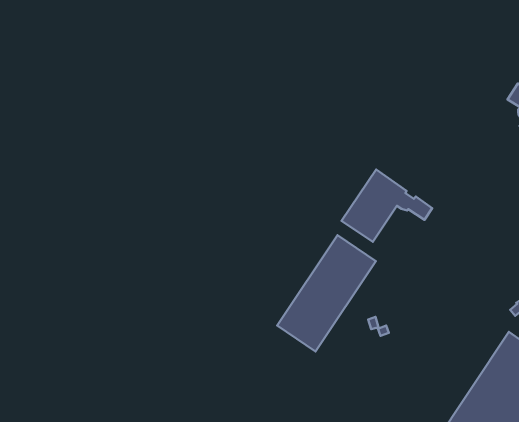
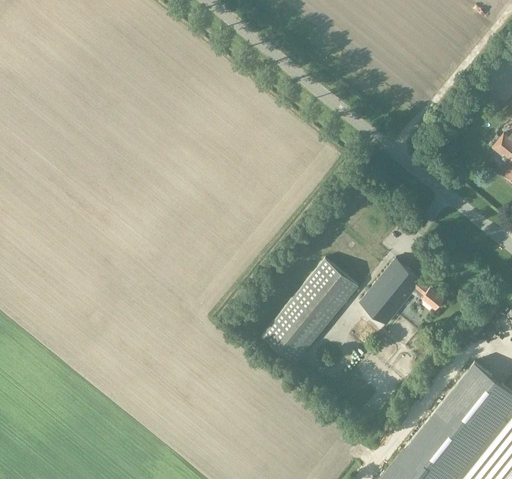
building: [342,170,432,242] -> [360,258,444,324]

